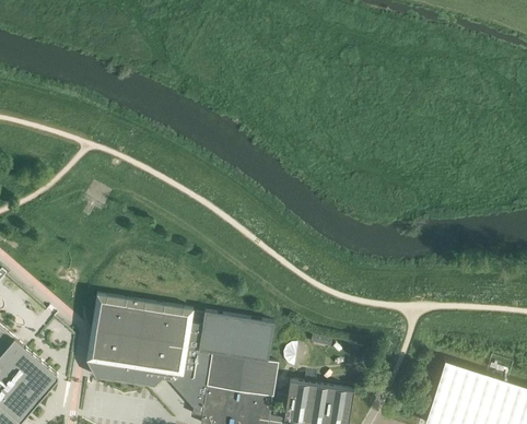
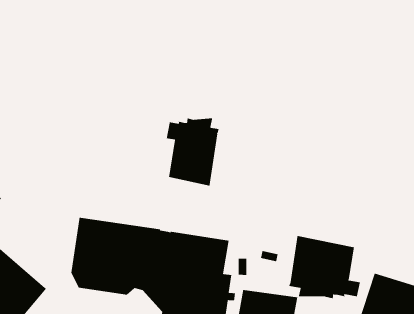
building: none -> [166,117,219,187]
building: none -> [289,235,361,299]

